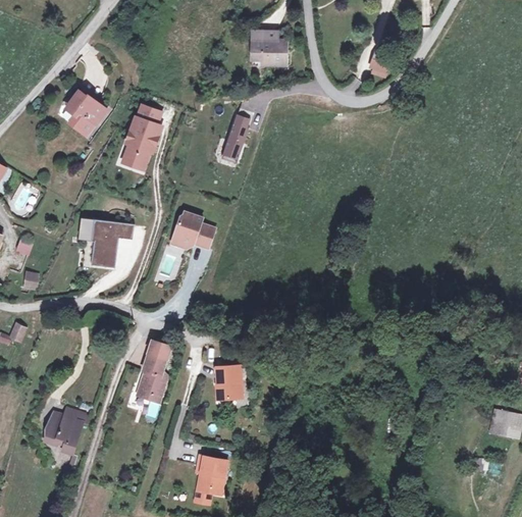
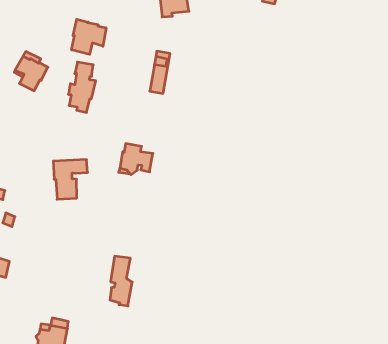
building: none -> [72,19,106,54]
building: [216,368,243,402] -> none

